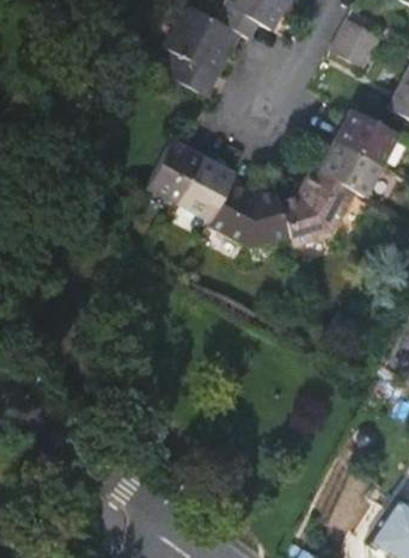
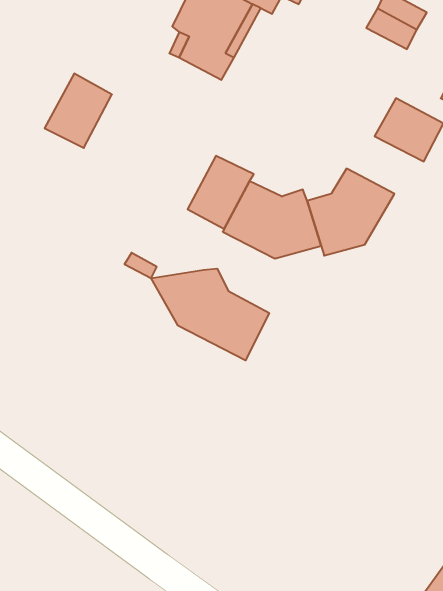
building: [144,140,201,203] -> [45,74,112,148]
building: [319,141,378,195] -> none
building: none -> [151,269,269,360]

